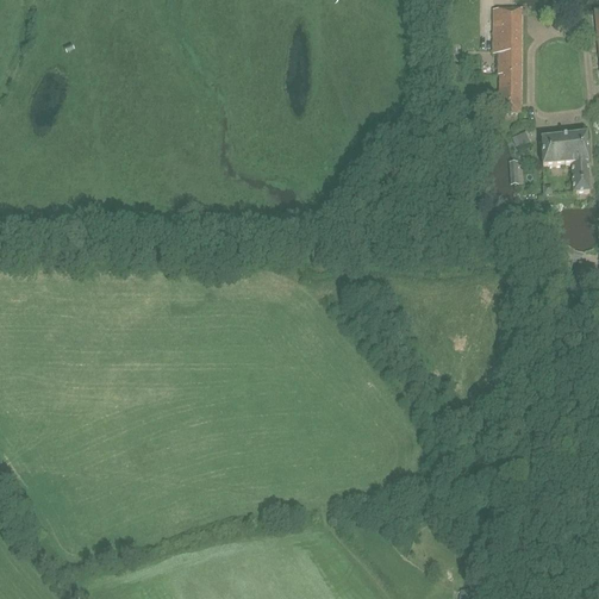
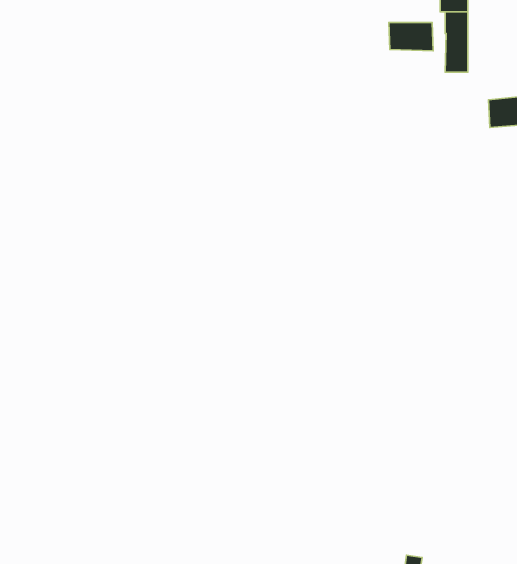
building: none -> [389,22,433,51]

